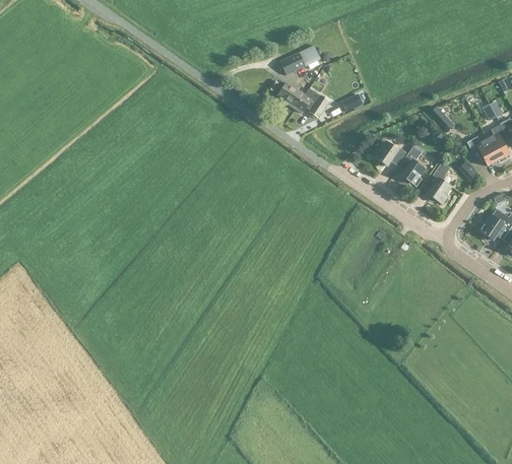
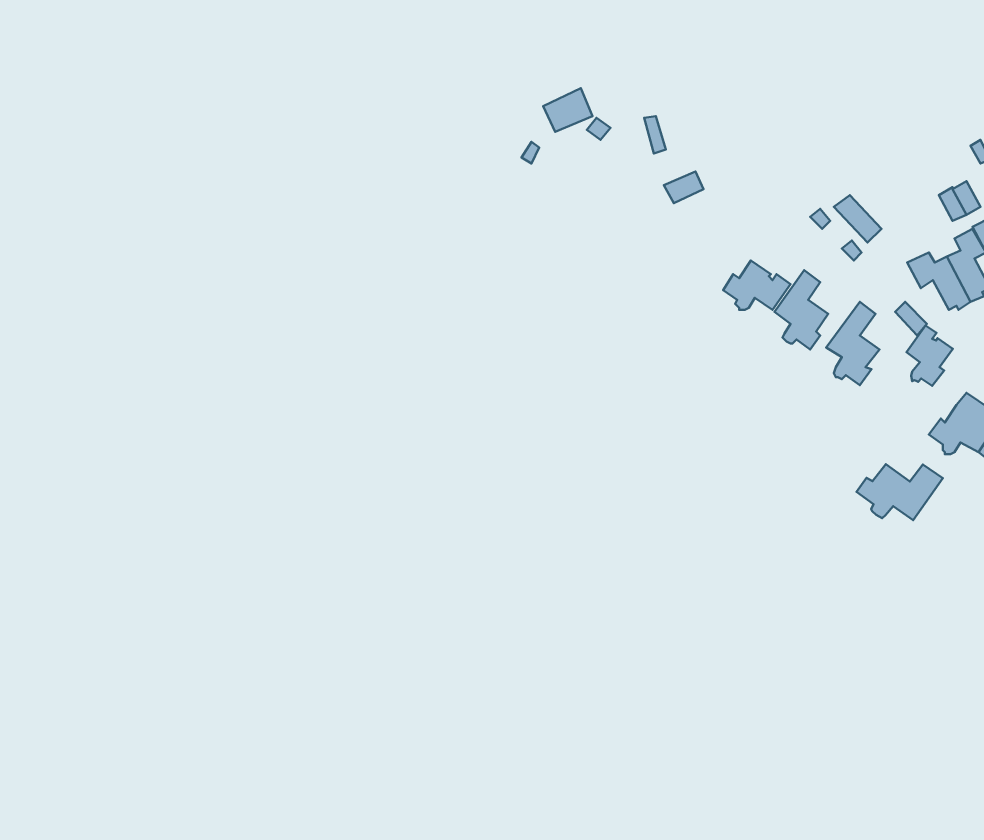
building: [279,82,330,117] -> none
building: none -> [906,325,953,386]
building: none -> [857,464,943,520]

